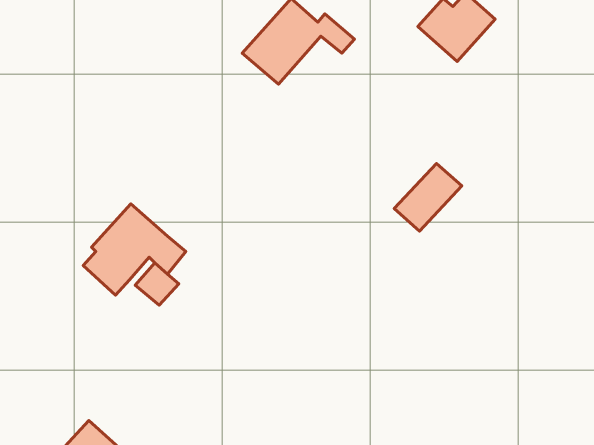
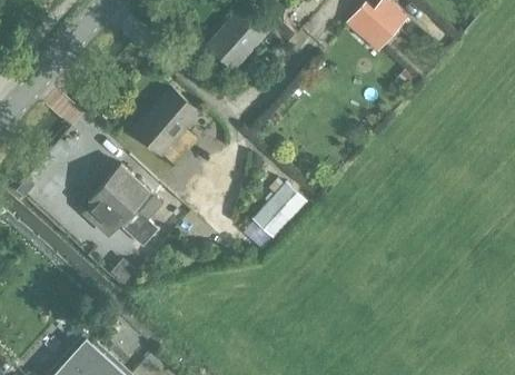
building: none -> [135,89,198,154]
building: [394,163,462,231] -> [252,184,306,237]

